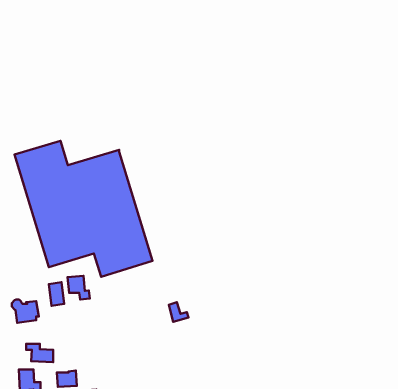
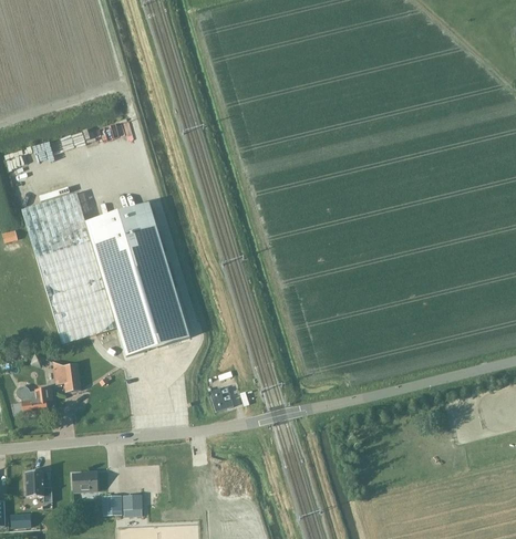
building: [67,276,90,300] -> none
building: [26,344,53,362] -> none

